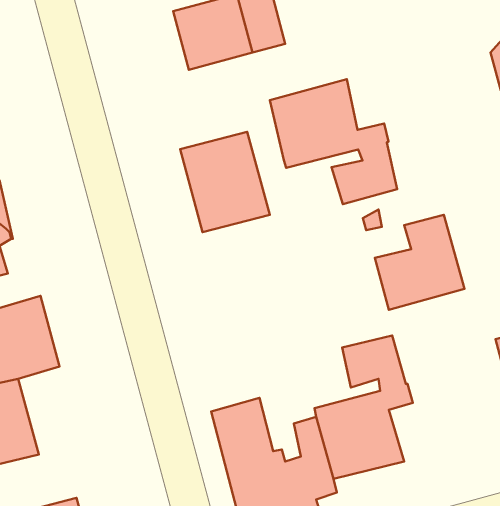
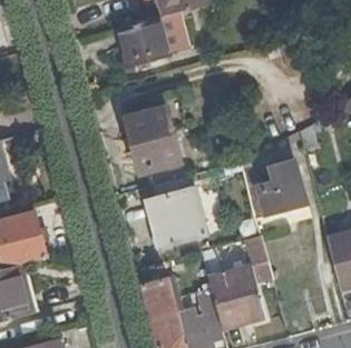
building: [270,79,397,204] -> none
building: none -> [146,188,206,249]

